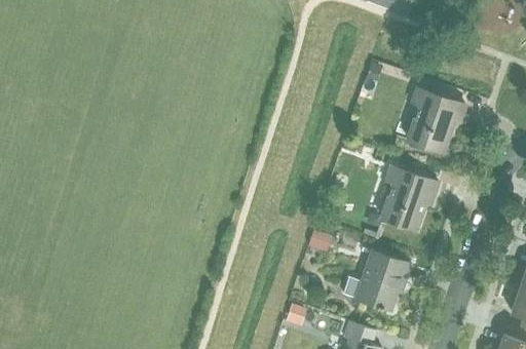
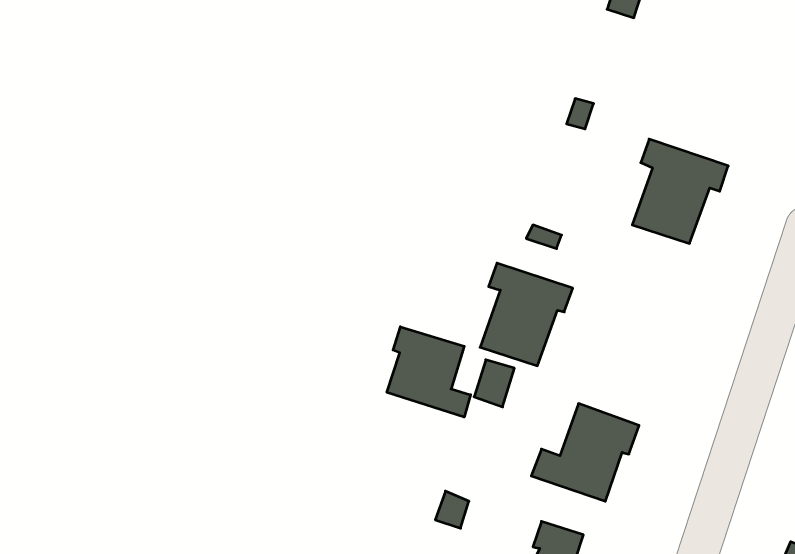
building: [381,166,438,229] -> [480,263,573,366]
building: none -> [387,327,471,417]

